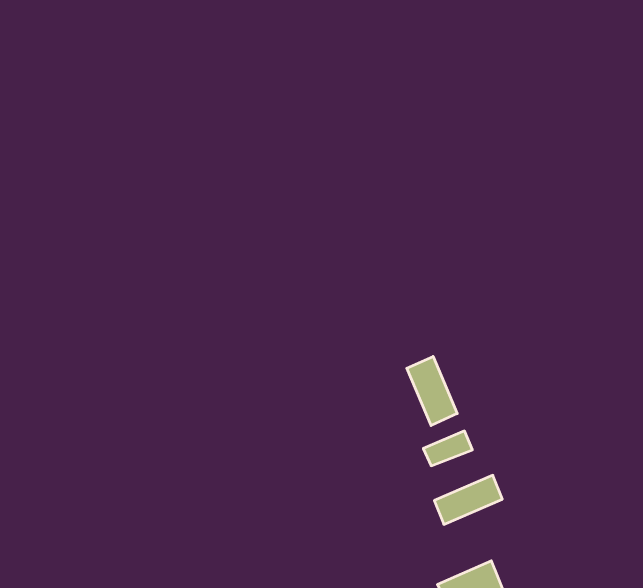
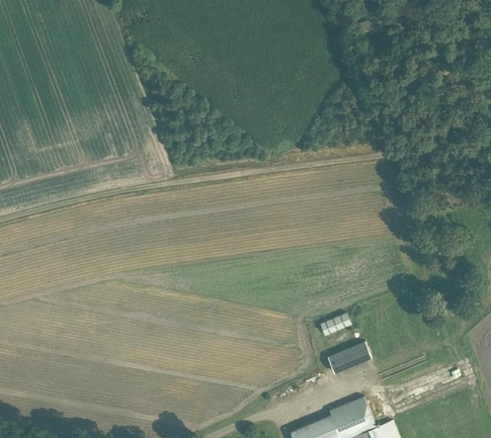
building: [407,356,457,426] -> none

